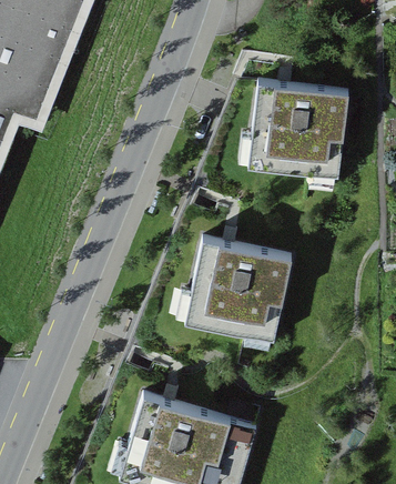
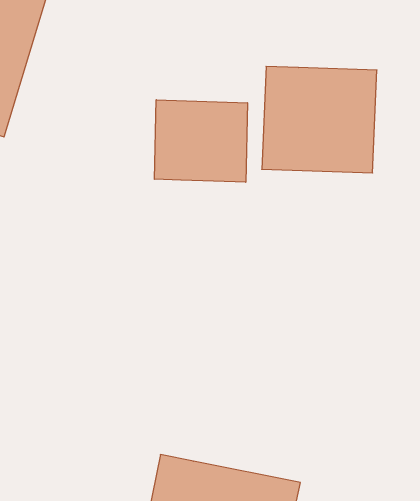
building: none -> [154,100,247,182]
building: [185,236,292,339] -> none

